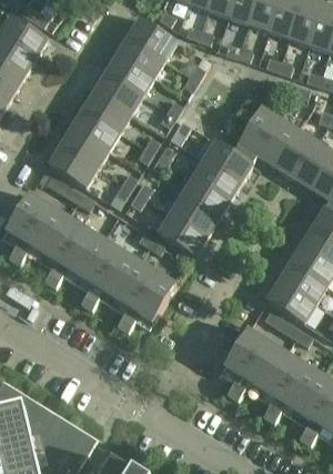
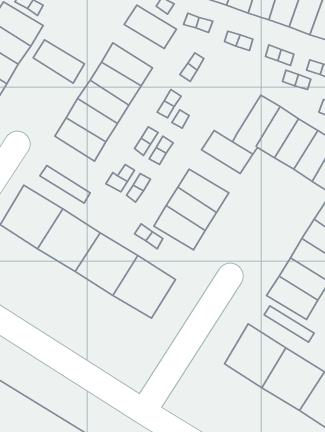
building: [117,36,167,78] -> [33,40,84,83]
building: [48,144,99,188] -> none
building: [191,158,241,200] -> none

